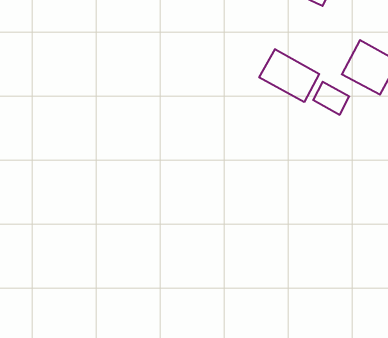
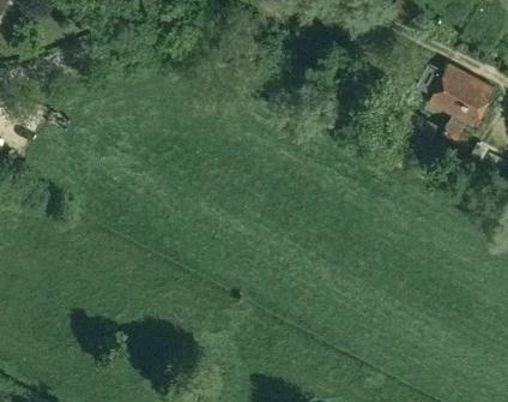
building: [259,49,319,102] -> none

